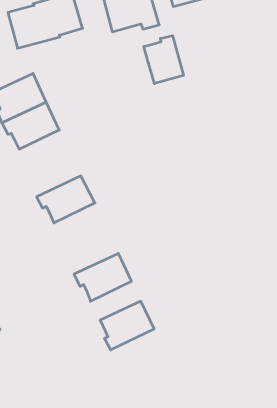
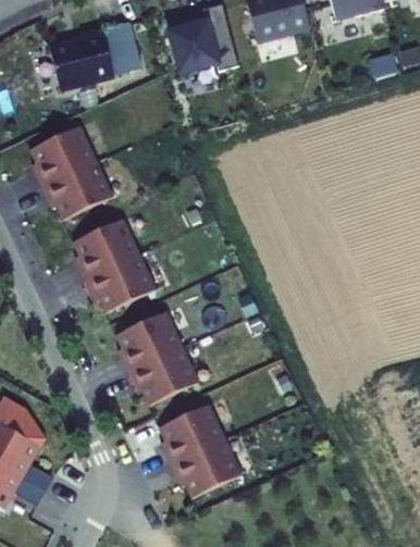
building: [144,36,184,84] -> none
building: none -> [72,215,139,277]
building: none -> [119,313,186,374]
building: none -> [176,443,248,501]

